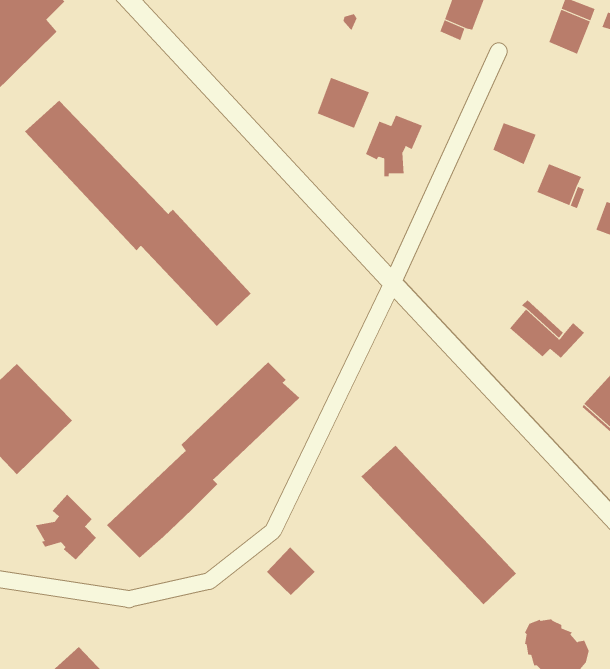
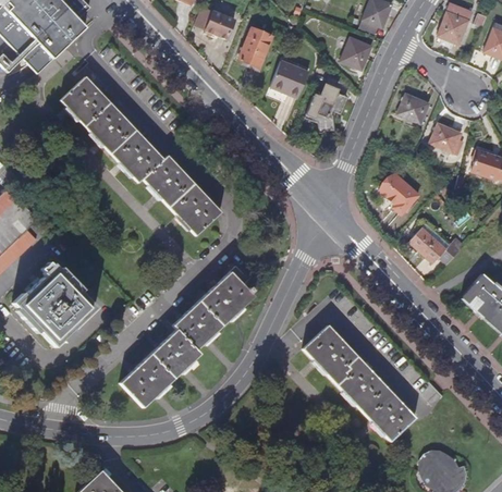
building: none -> [206,10,235,37]
building: none -> [240,27,272,66]
building: none -> [340,36,372,69]
building: none -> [380,172,418,213]
building: [35,494,97,560] -> none
building: [266,546,315,596] -> none

